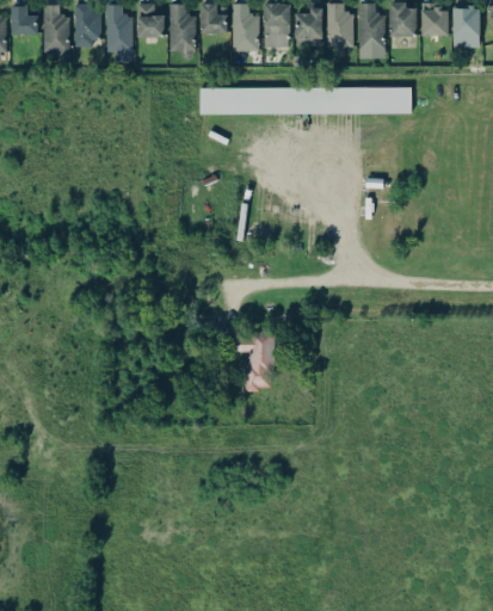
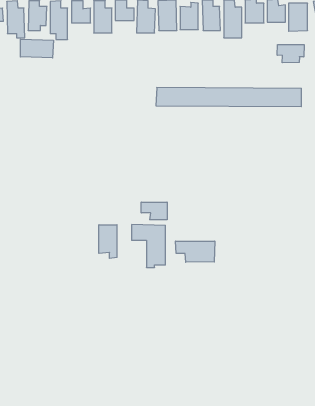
building: none -> [20,39,53,58]
building: none -> [277,45,304,63]
building: [199,87,411,115] -> [156,88,301,107]
building: none -> [141,202,167,220]
building: none -> [99,225,117,258]
building: none -> [176,241,215,262]

